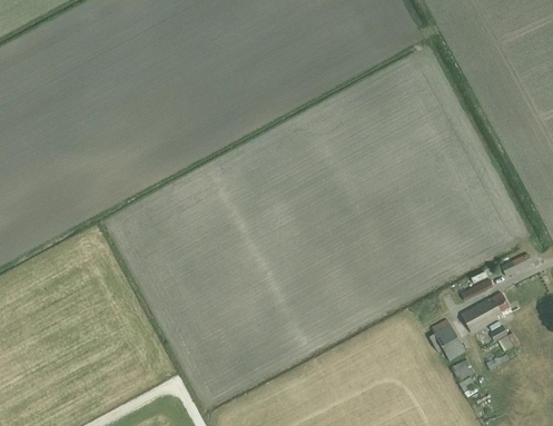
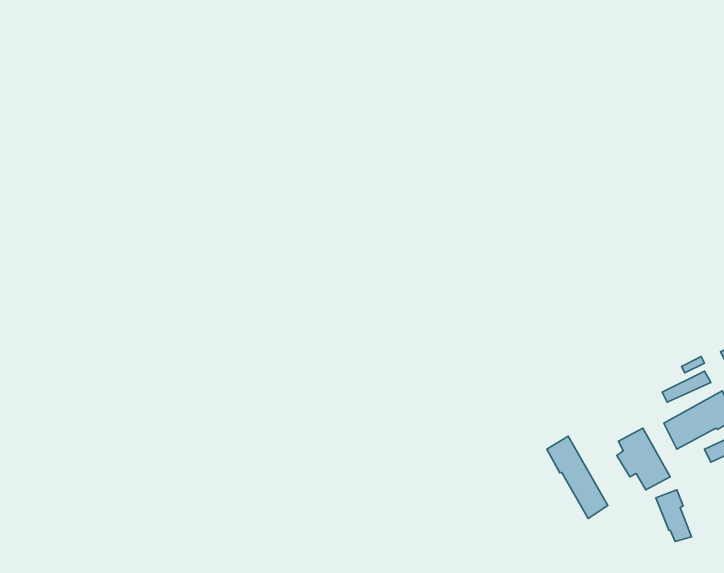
building: none -> [547,436,608,518]

